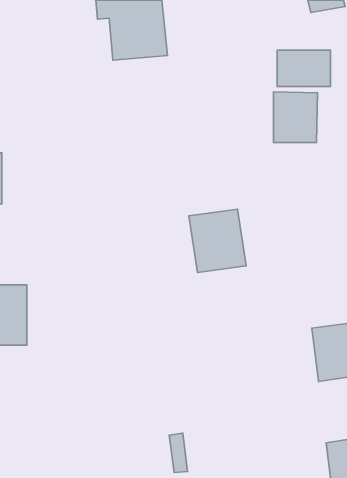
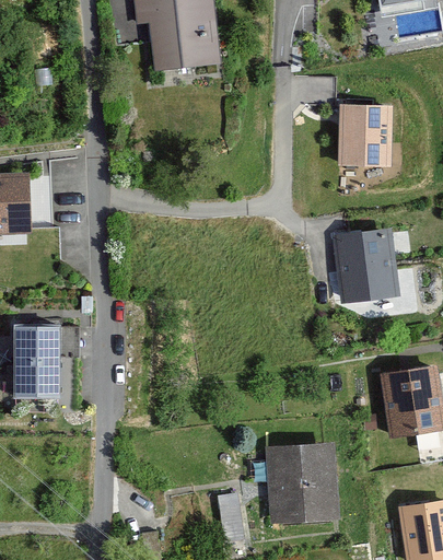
building: [277,50,330,86] -> none
building: [189,209,246,272] -> [333,230,398,302]
building: none -> [268,446,334,520]

